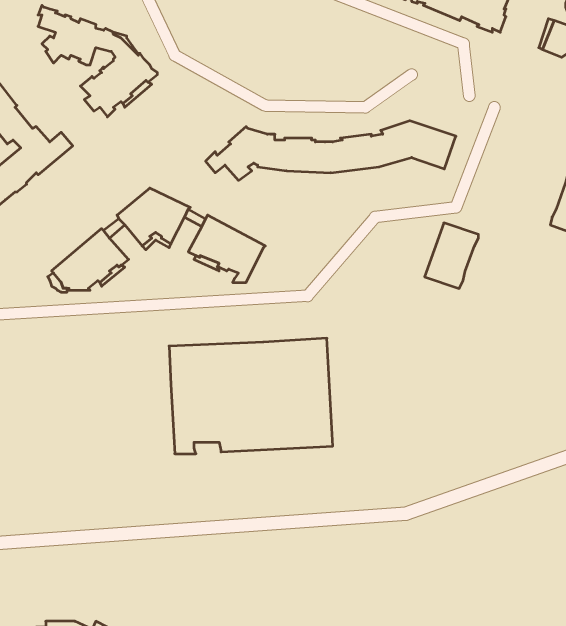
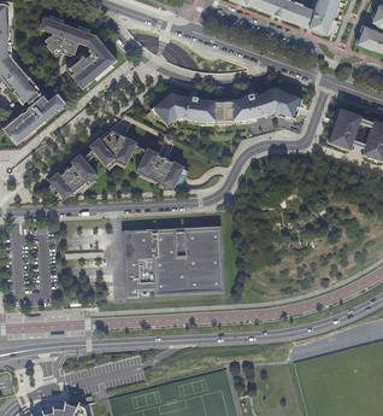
building: [425,223,478,288] -> [328,109,361,150]

